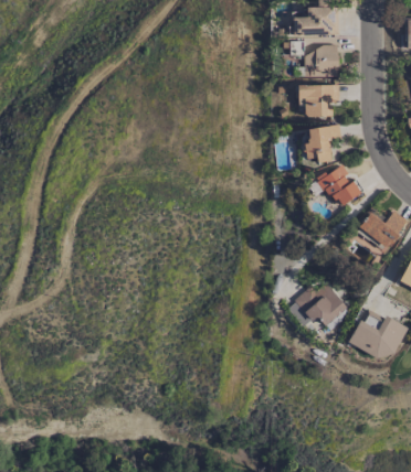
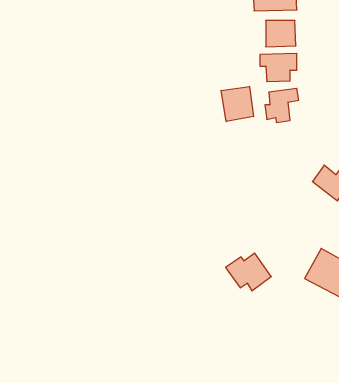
building: none -> [221,86,254,122]
building: [319,164,360,208] -> none
building: [295,282,347,325] -> [226,253,271,291]

